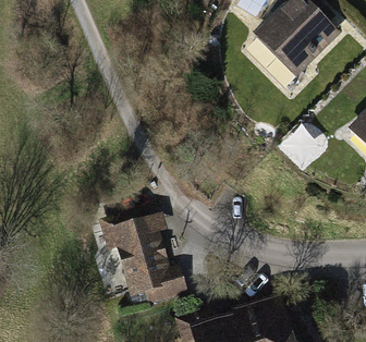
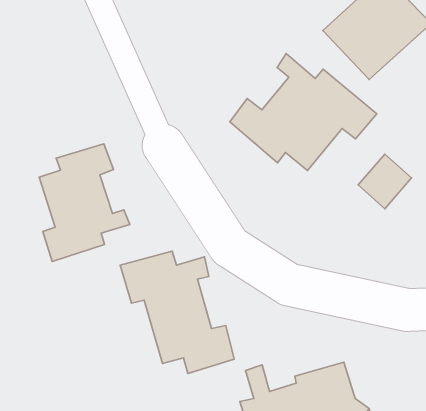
building: none -> [230,54,377,170]
building: none -> [39,144,130,262]

